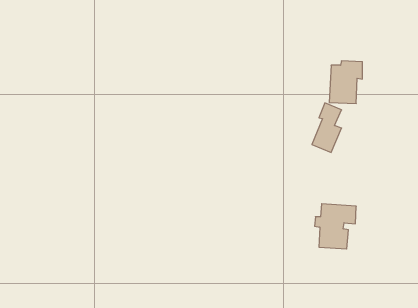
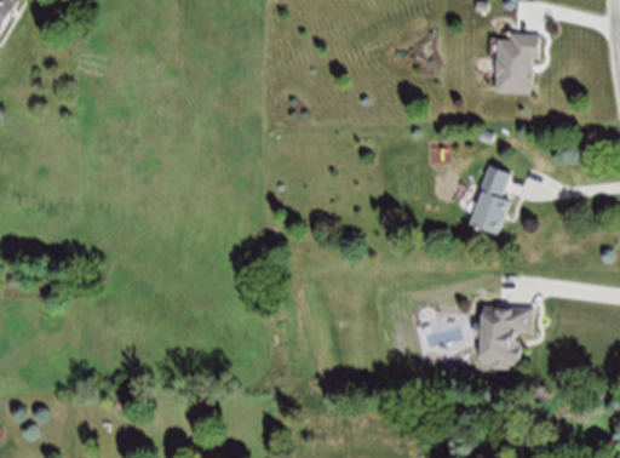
building: [329,61,362,103] -> [494,34,540,93]

